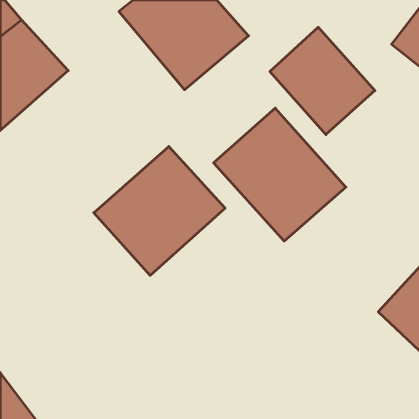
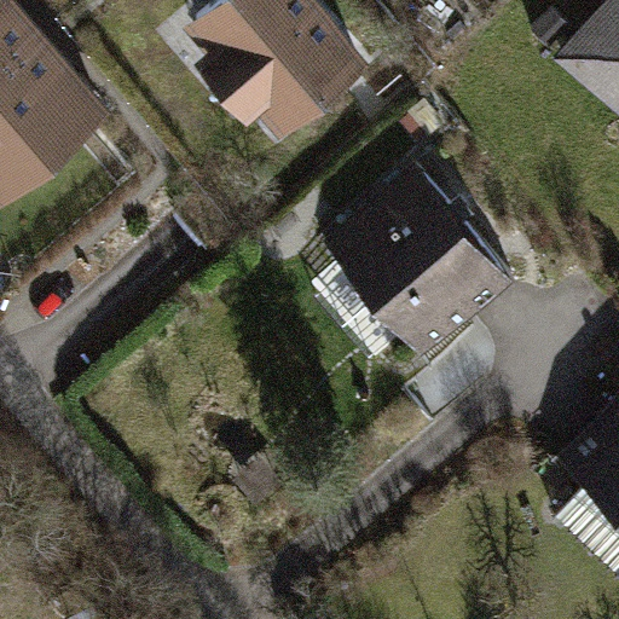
building: [270,27,375,135] -> none
building: [94,146,225,275] -> none

